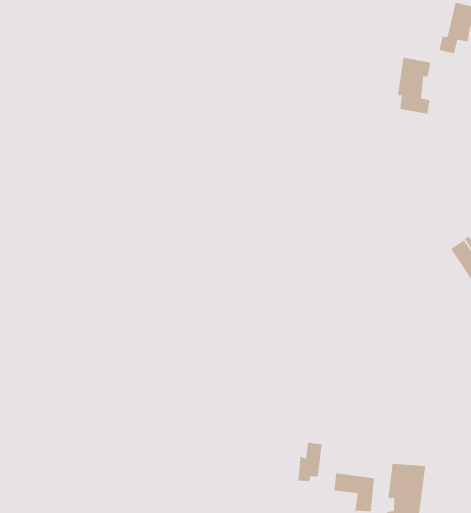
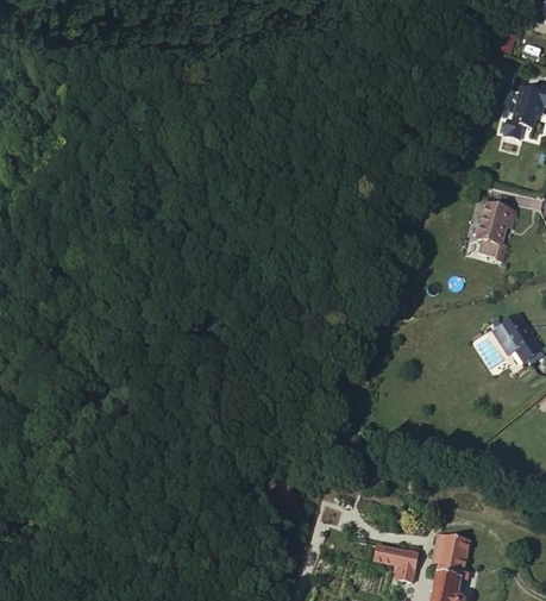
building: [397,57,431,114] -> [482,209,517,268]
building: [297,442,323,482] -> none

